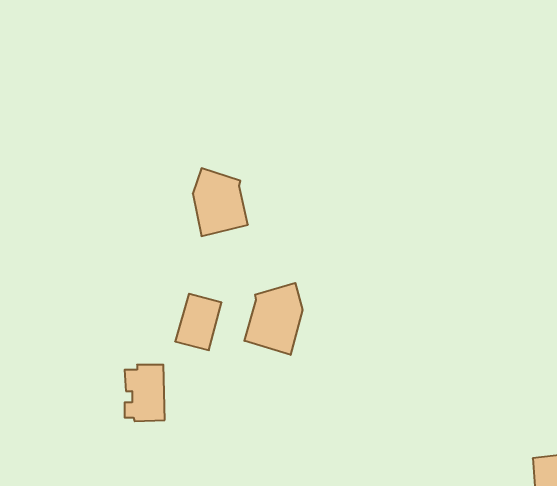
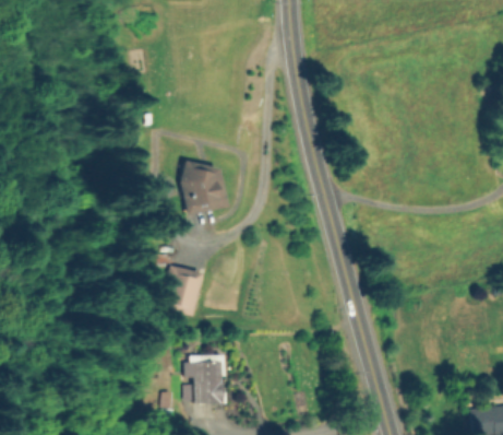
building: [244,283,302,355] -> none
building: [125,365,165,421] -> [189,354,224,403]

